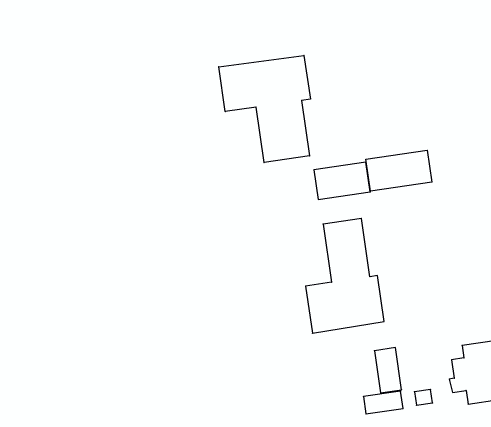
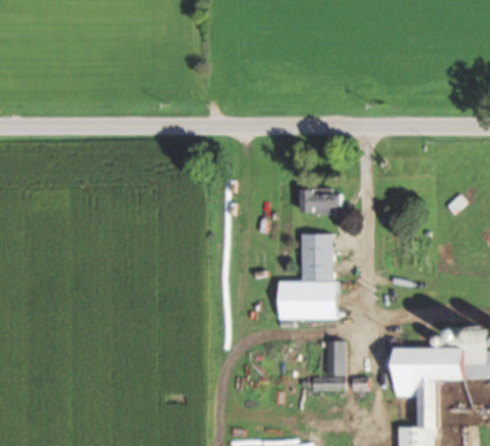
building: [219,55,310,163] -> none
building: [366,150,432,191] -> none

